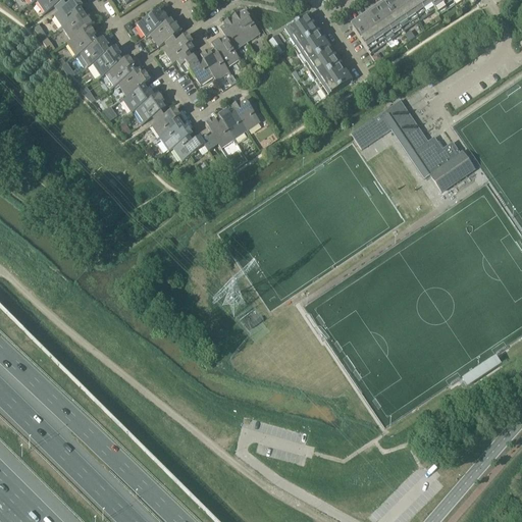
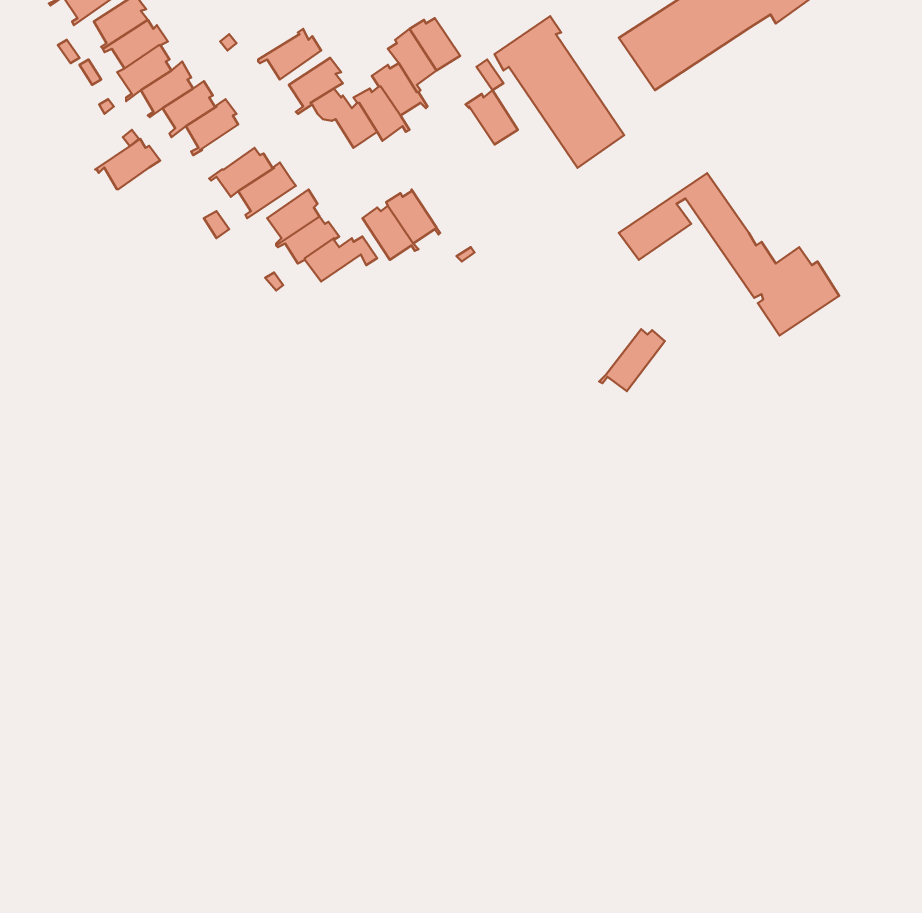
building: [136,7,169,35] -> none
building: [113,67,150,96] -> [95,139,160,189]
building: [230,98,260,128] -> [466,90,518,144]
building: none -> [599,329,665,391]

